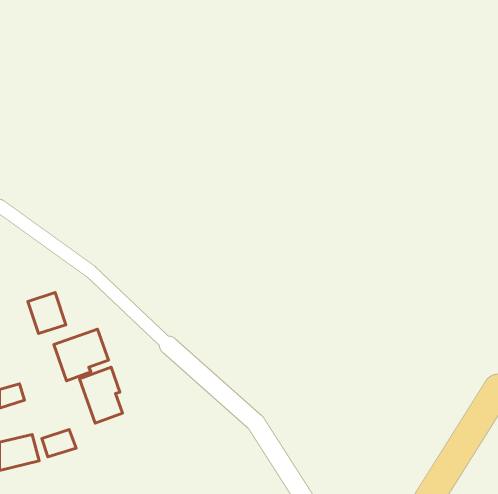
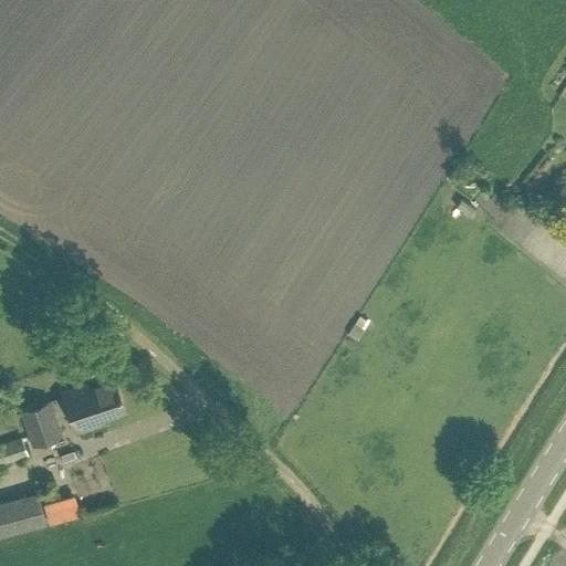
building: [28,293,66,334] -> [19,402,62,449]
building: [79,367,123,423] -> none

